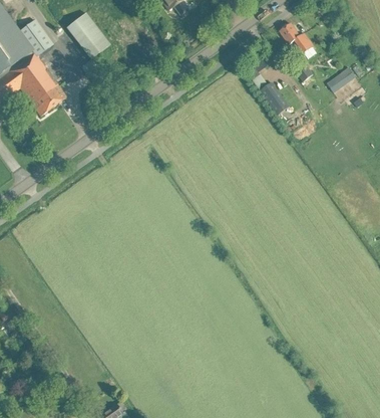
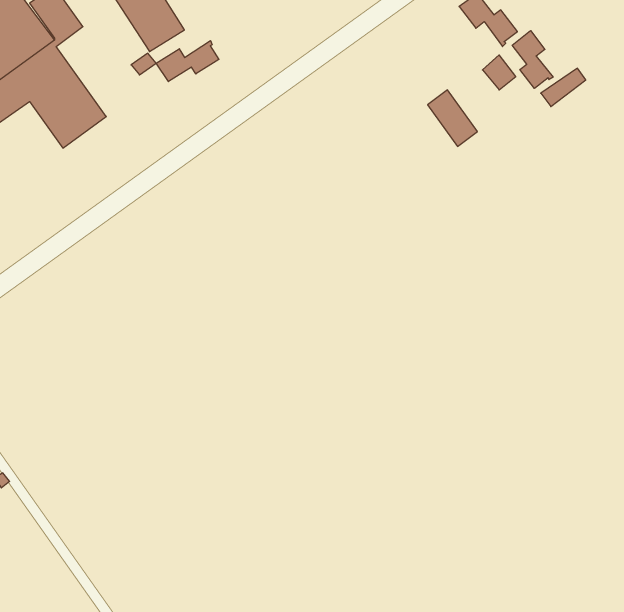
building: none -> [512,31,553,88]
building: none -> [156,41,219,82]

